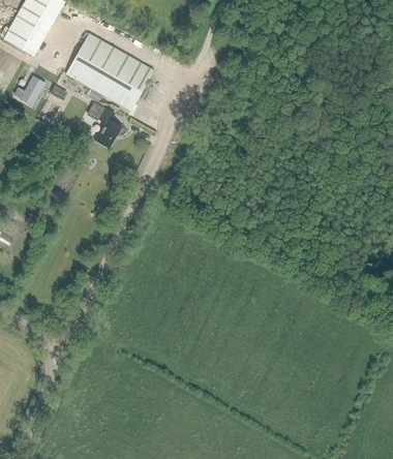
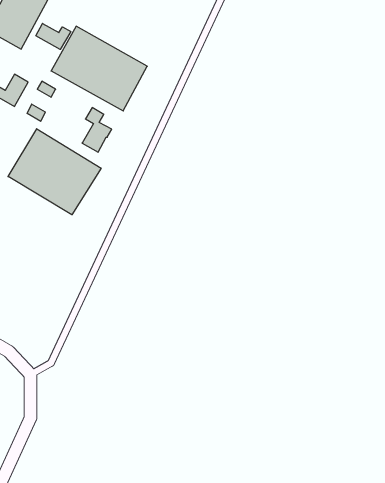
building: none -> [36,23,71,49]
building: none -> [8,129,101,215]

